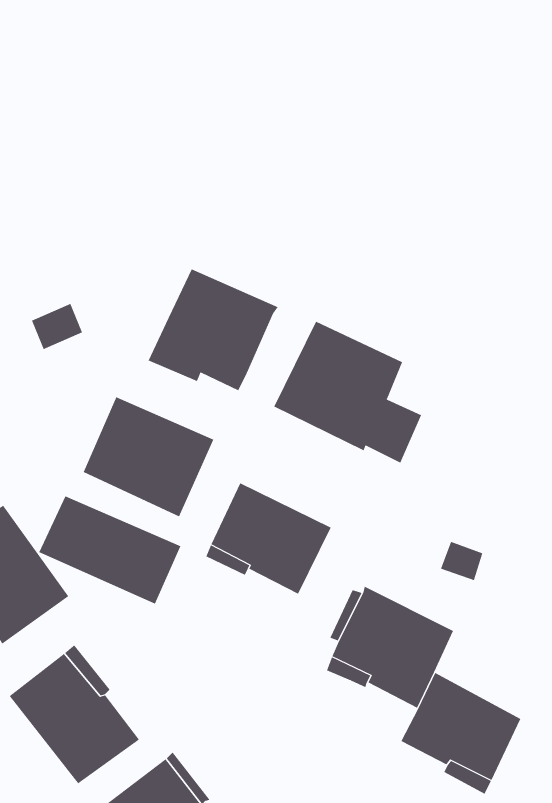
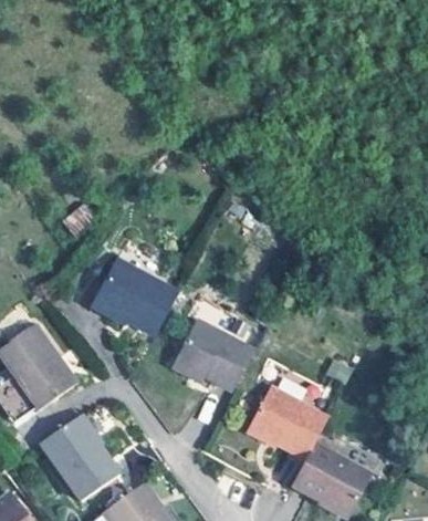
building: [148,268,278,391] -> none
building: [274,321,422,464] -> none
building: [39,496,181,605] -> none

